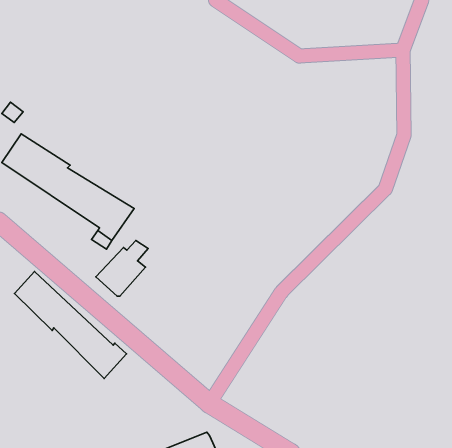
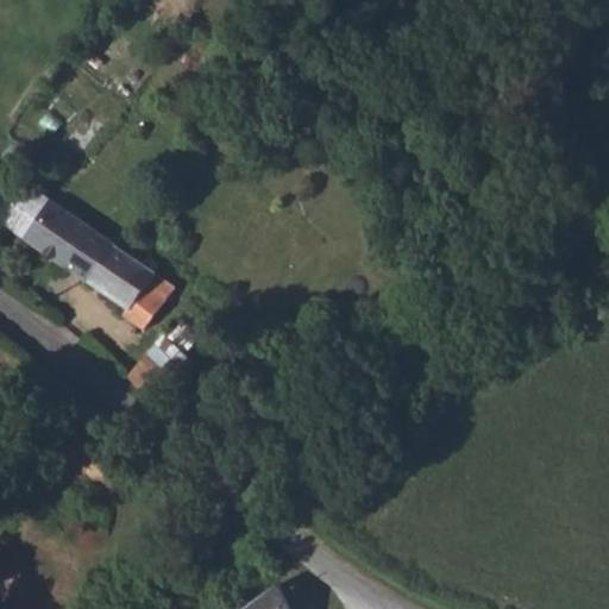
building: [14,272,127,378] -> none

